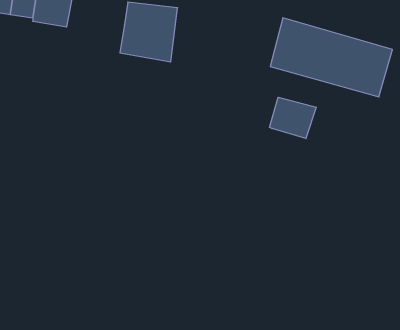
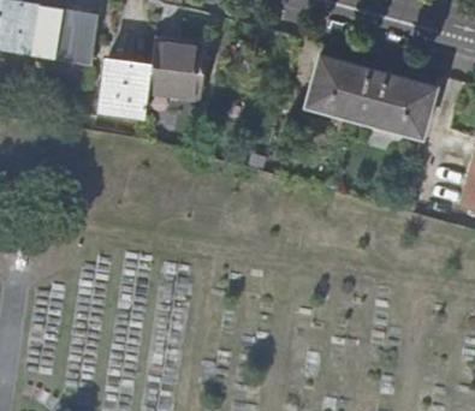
building: none -> [99,54,149,109]
building: [270,97,316,139] -> none

